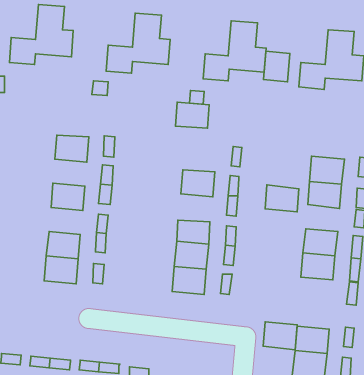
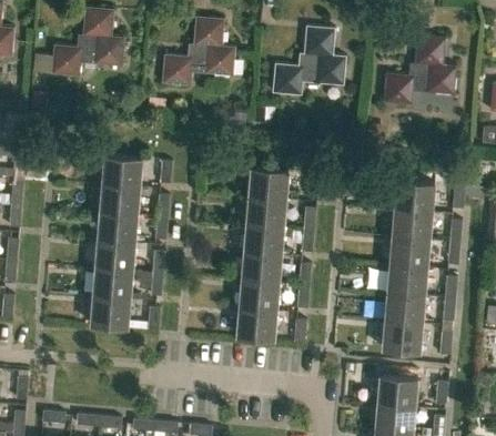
building: [264,51,290,82] -> none
building: [175,102,209,128] -> [250,170,289,200]
building: none -> [101,185,140,216]
building: [265,185,299,212] -> [391,237,429,268]
building: none -> [244,225,284,257]
building: none -> [97,241,135,272]
building: [263,322,297,350] -> [383,321,422,353]

